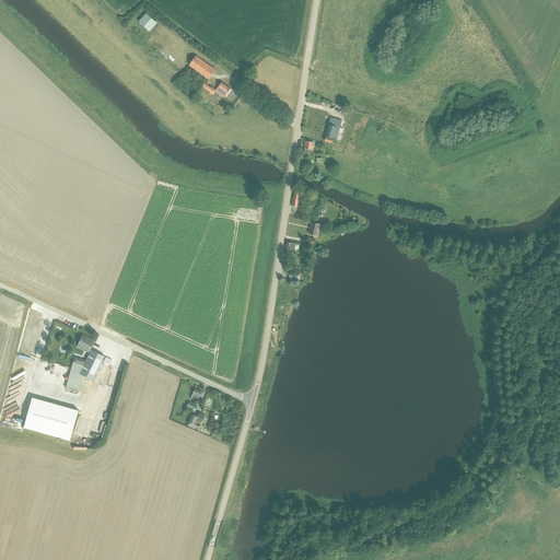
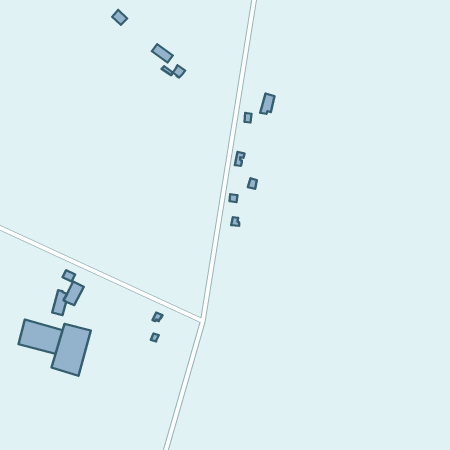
building: none -> [52,324,91,376]

